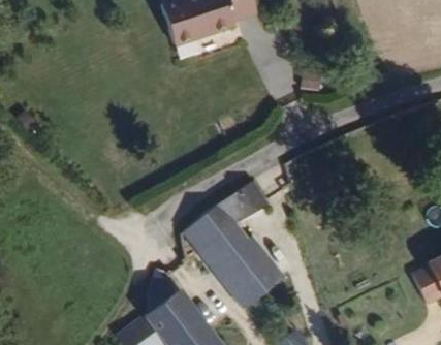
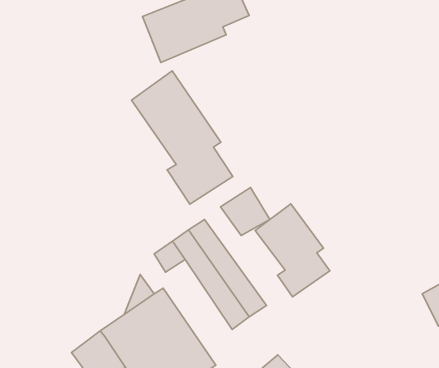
building: none -> [131,71,233,204]
building: none -> [255,204,330,297]

